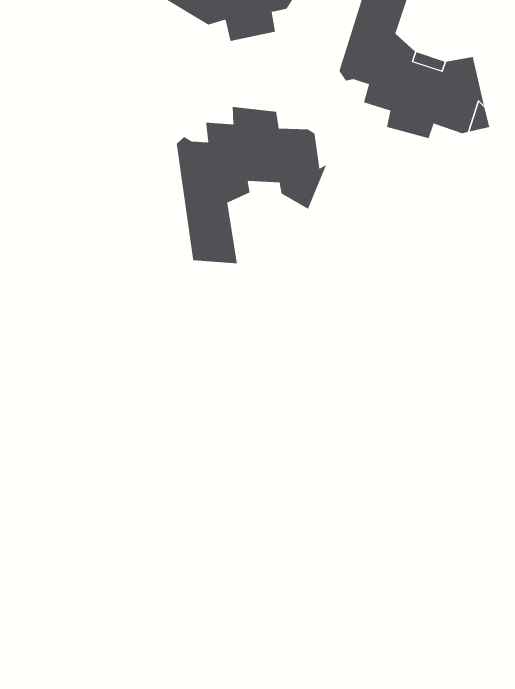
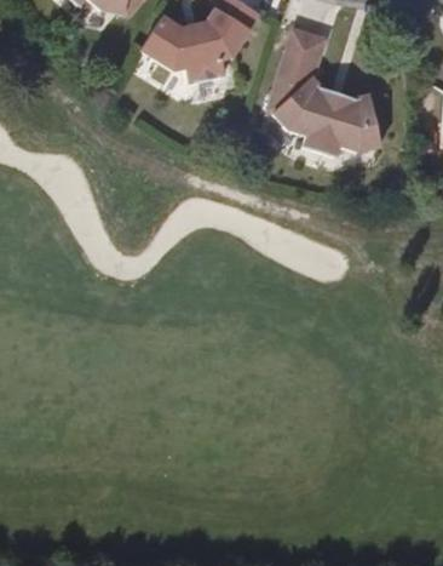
building: [176,106,327,264] -> none

